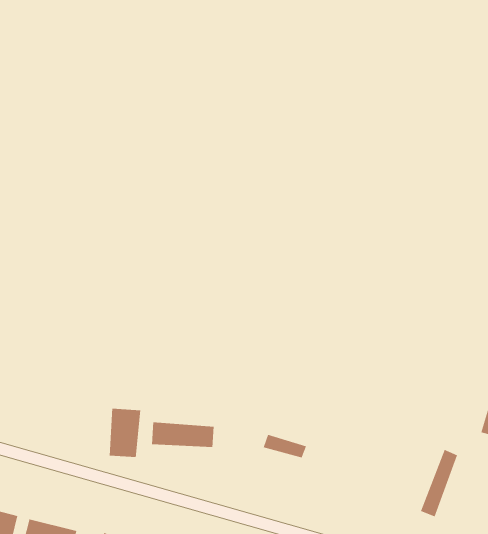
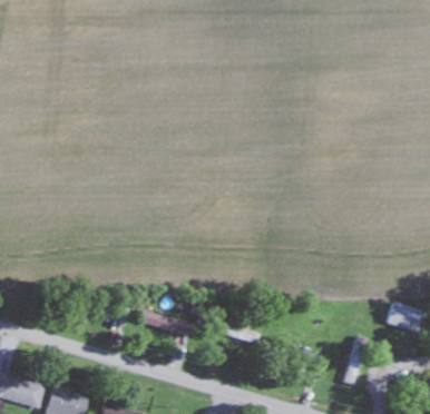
building: [109,408,141,458] -> none

